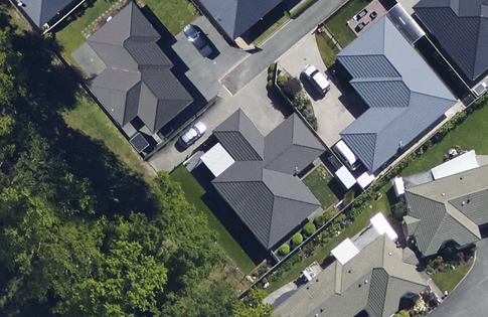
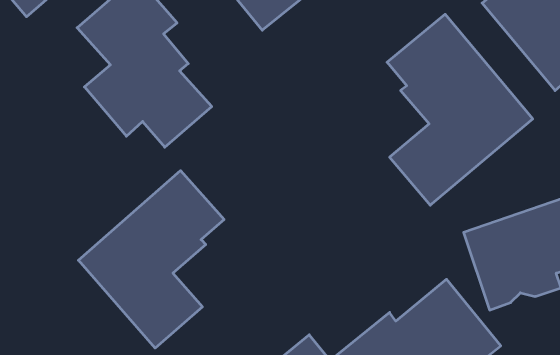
building: [210,112,322,249] -> none
building: none -> [78,171,224,348]

